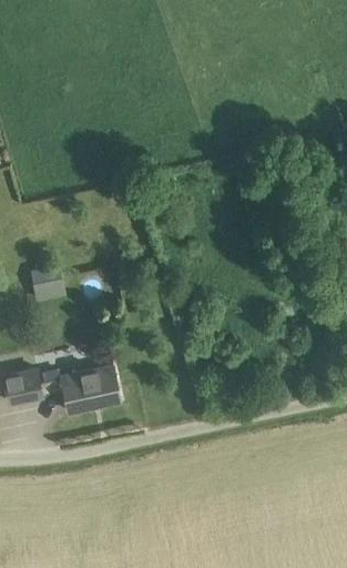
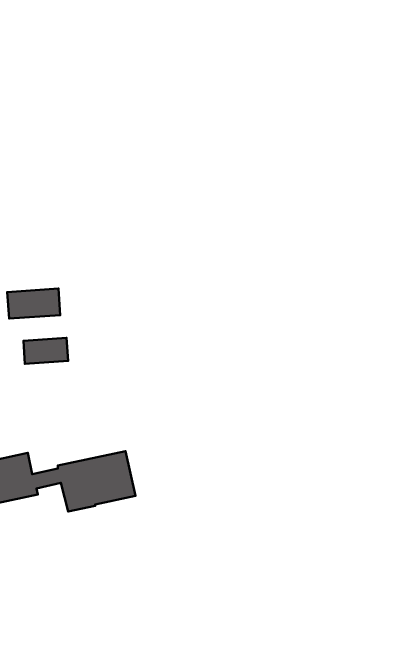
building: none -> [7,289,60,319]

